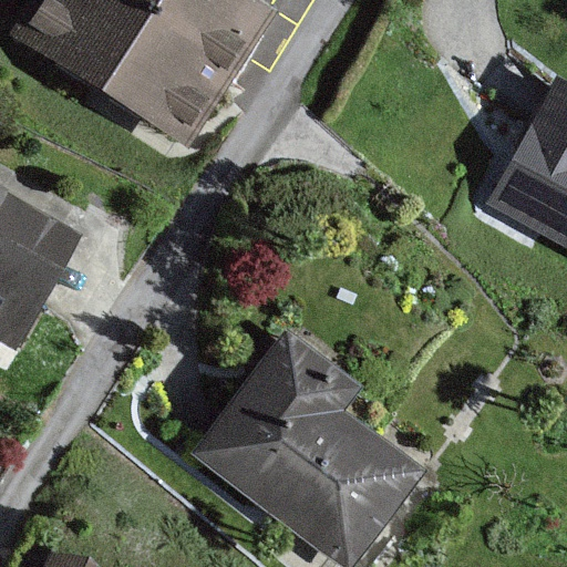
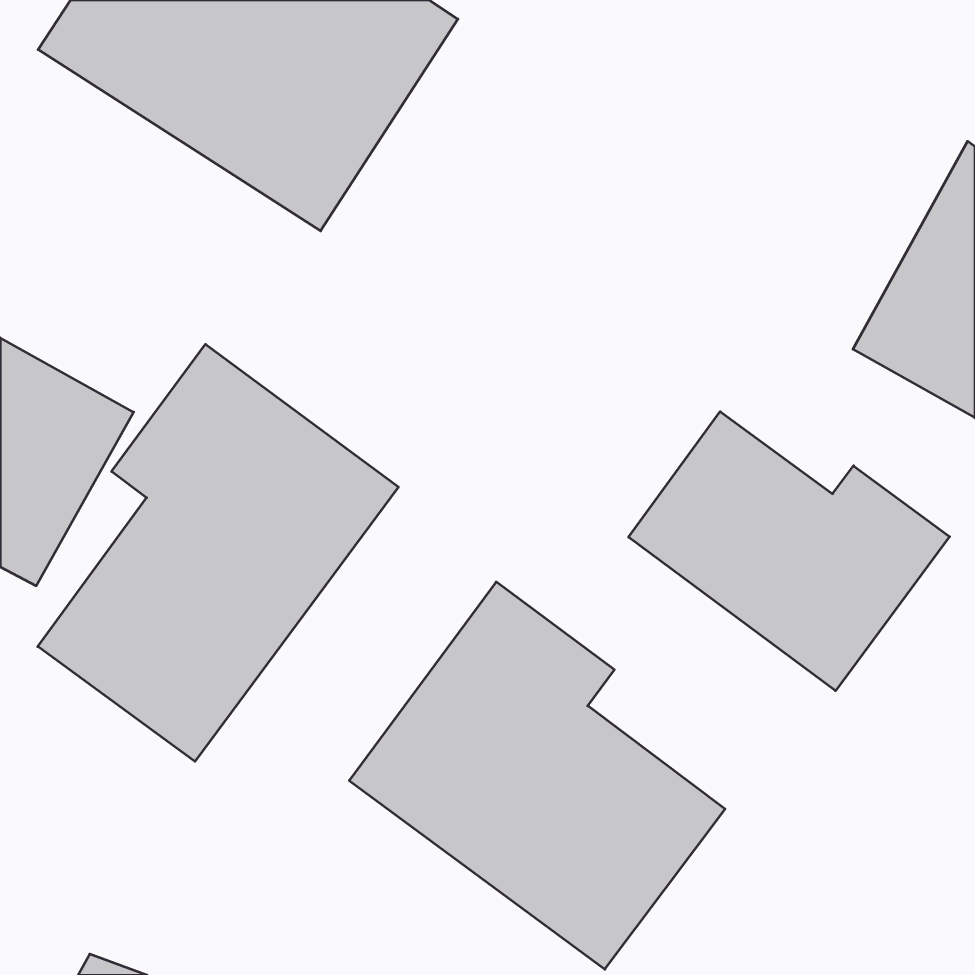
building: none -> [38,344,398,761]
building: none -> [629,412,950,691]

